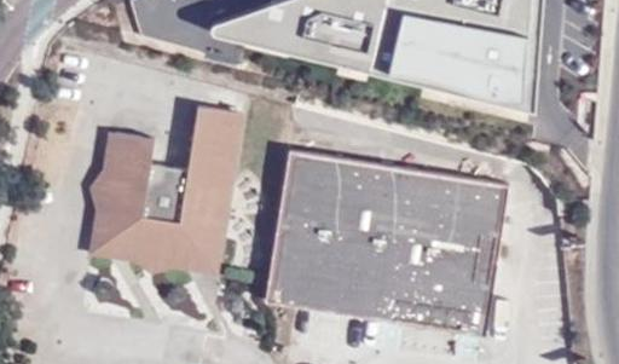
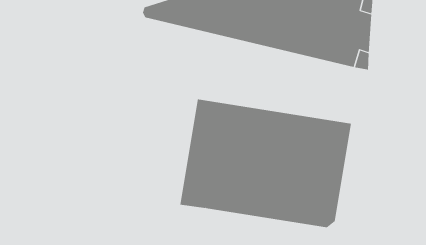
building: [92,109,239,268] -> none

